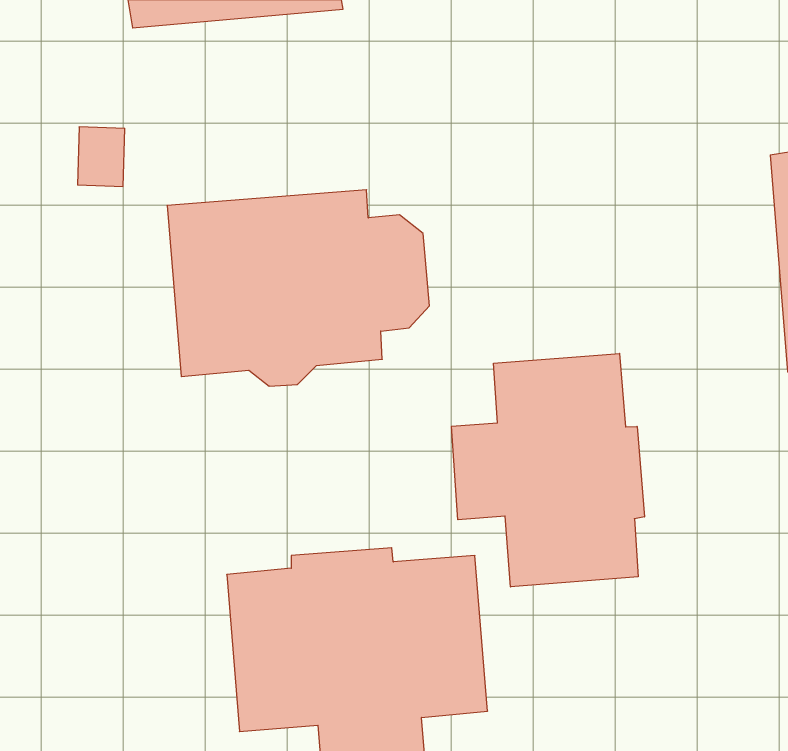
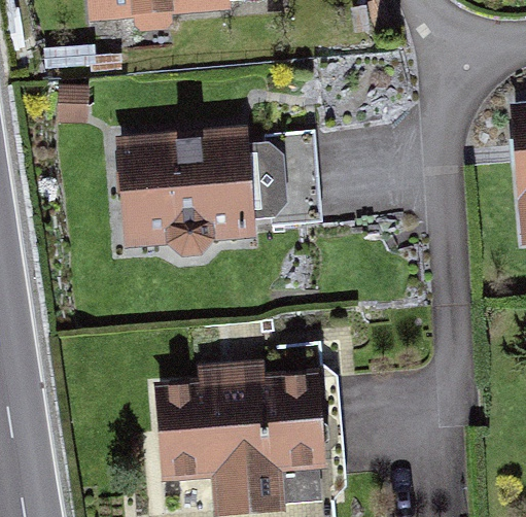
building: [452,353,644,587] -> none

